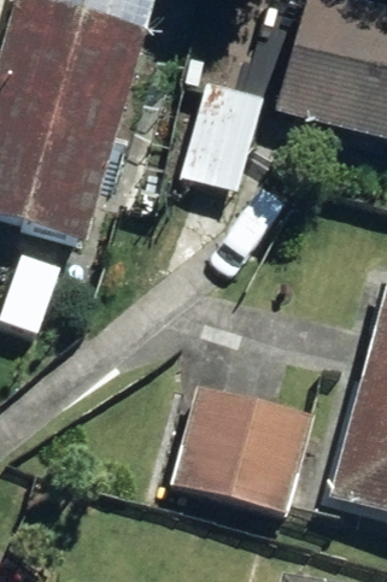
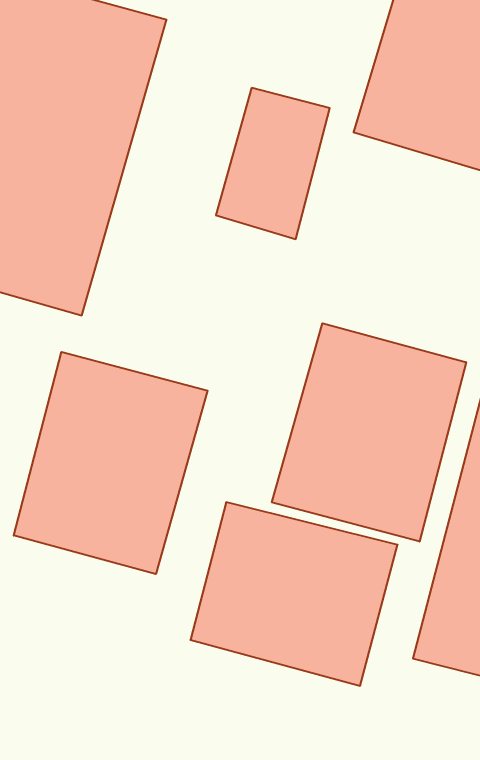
building: none -> [272,323,466,542]
building: none -> [14,352,208,574]

